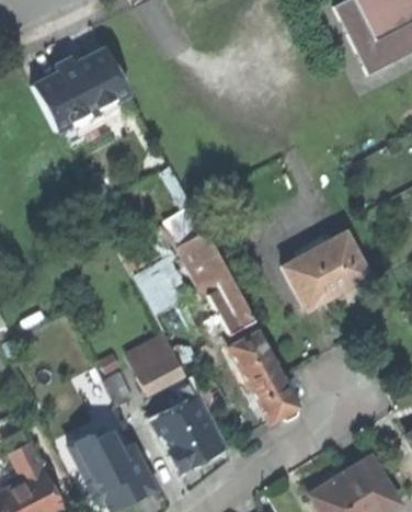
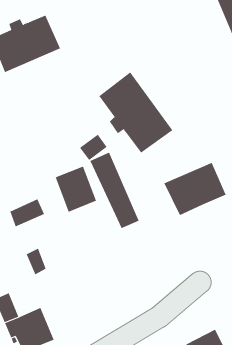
building: none -> [99,72,173,154]
building: [229,330,299,421] -> none
building: [135,348,183,389] -> [9,198,45,227]
building: [152,387,219,467] -> none

